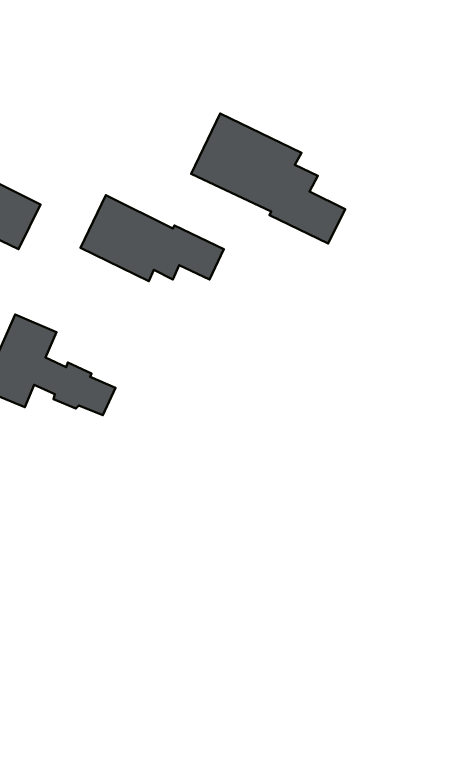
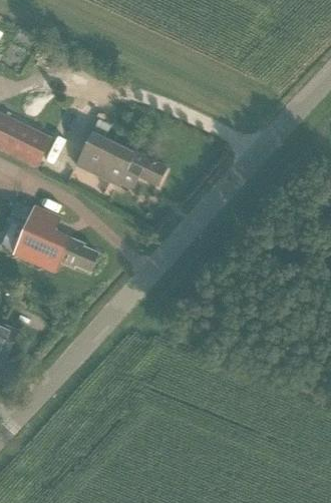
building: [191,114,345,244] -> none

